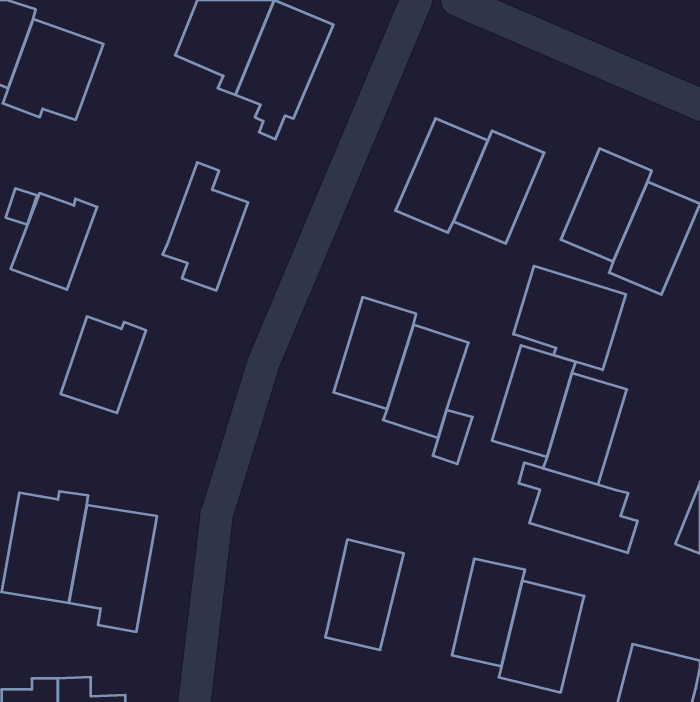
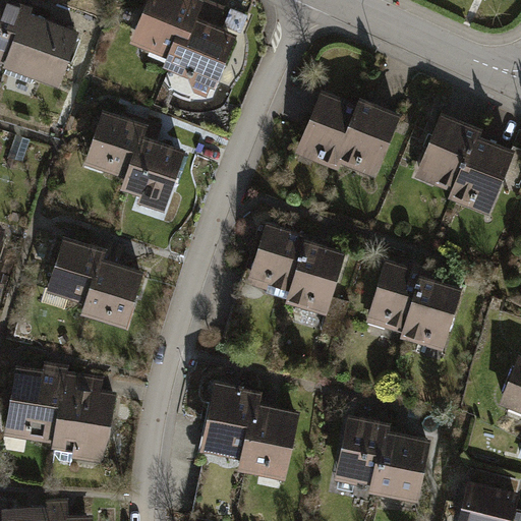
building: [11,193,97,290] -> [81,111,146,182]
building: [513,266,626,370] -> none
building: none -> [84,245,144,333]
building: [519,463,637,553] -> none
building: none -> [201,383,258,464]

